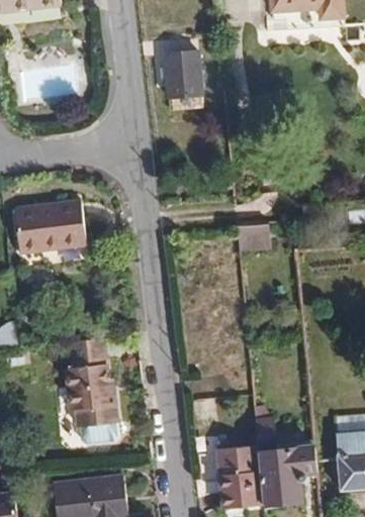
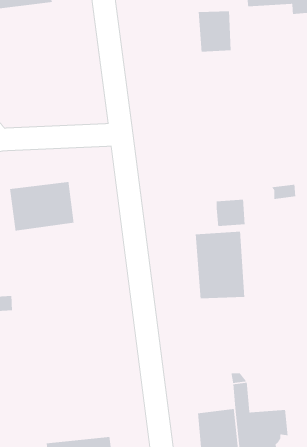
building: [165,50,201,96] -> [198,11,232,53]
building: none -> [195,231,245,299]
building: [64,335,118,442] -> none

